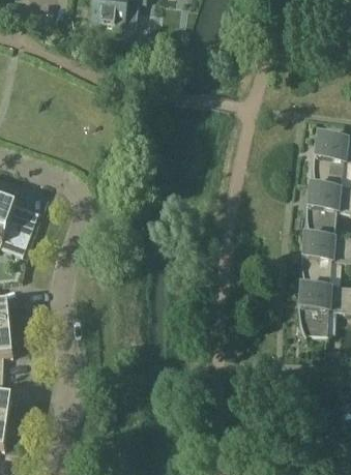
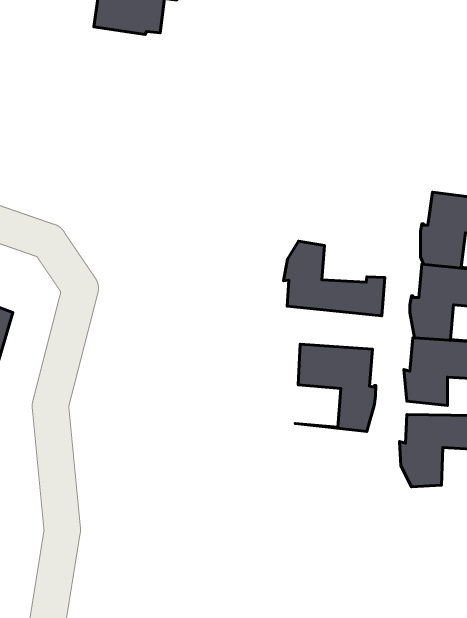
building: none -> [284,241,385,316]
building: none -> [295,344,376,432]

